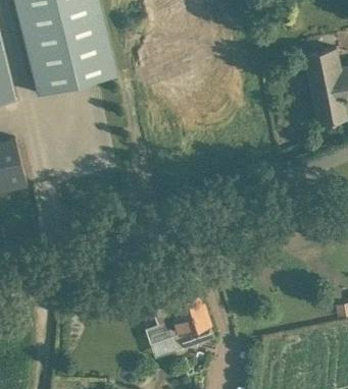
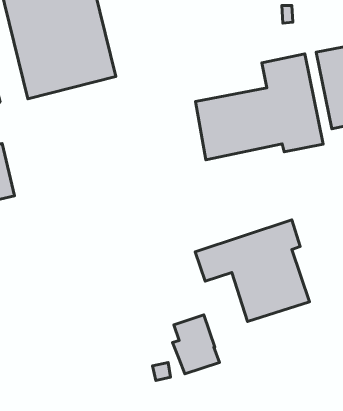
building: none -> [196,54,323,160]
building: none -> [195,220,310,322]

